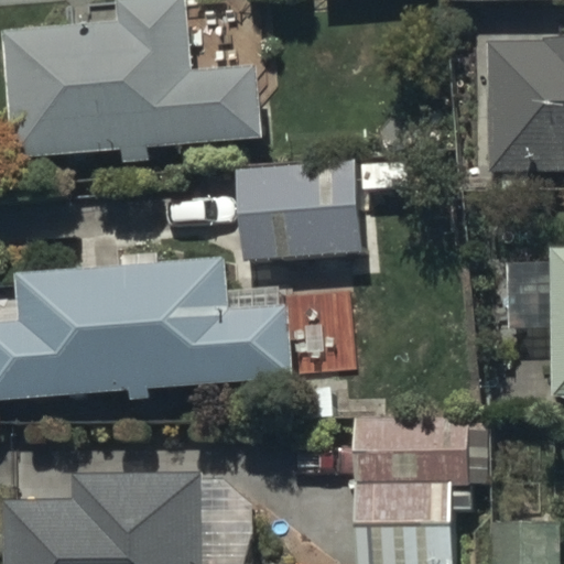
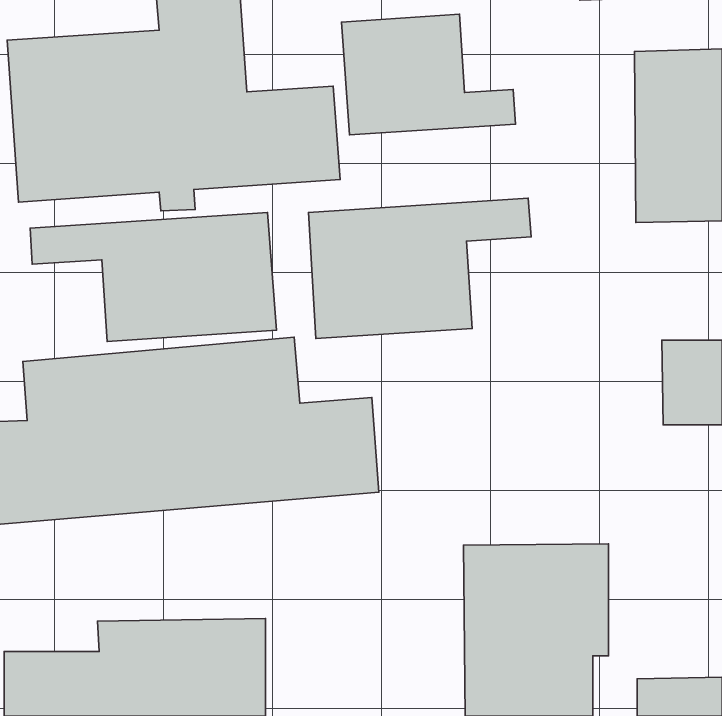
building: none -> [341,14,515,135]
building: none -> [30,213,277,342]

